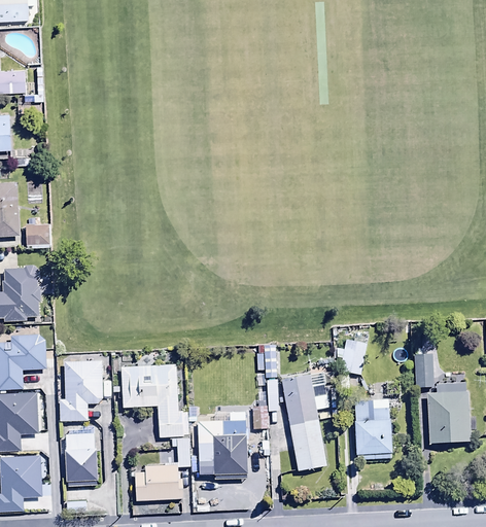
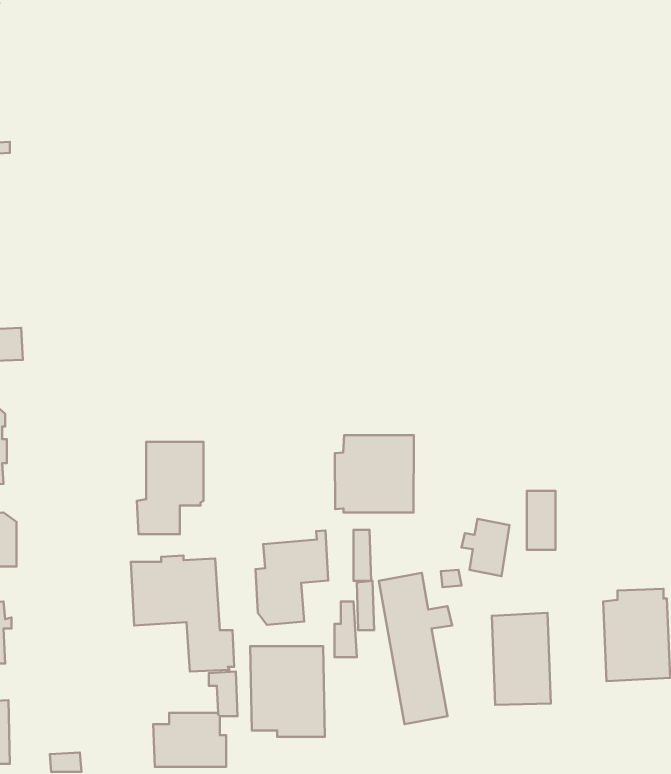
building: none -> [335,435,414,513]
building: none -> [256,530,328,625]
building: [414,349,432,387] -> [527,491,555,550]
building: [59,361,102,421] -> [137,442,204,534]
building: [65,434,98,487] -> none

